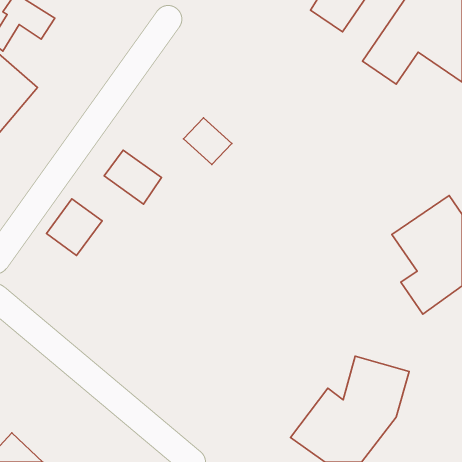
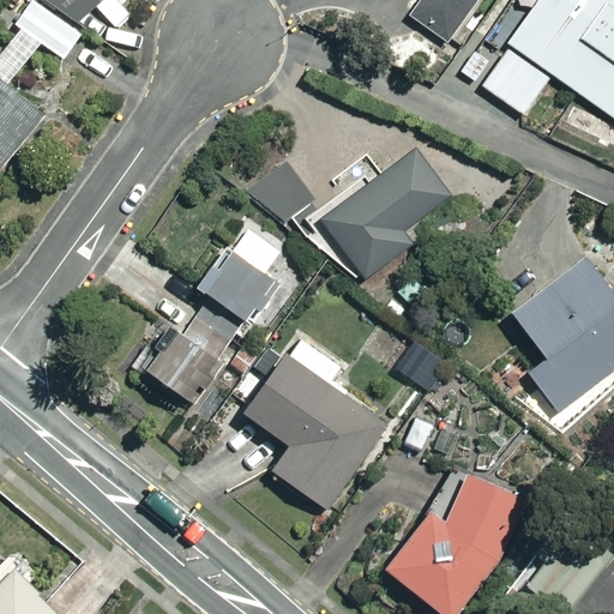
building: none -> [315,151,445,285]
building: [104,150,162,204] -> [201,253,277,324]
building: [46,199,102,255] -> [148,331,221,405]
building: none -> [246,351,390,510]

